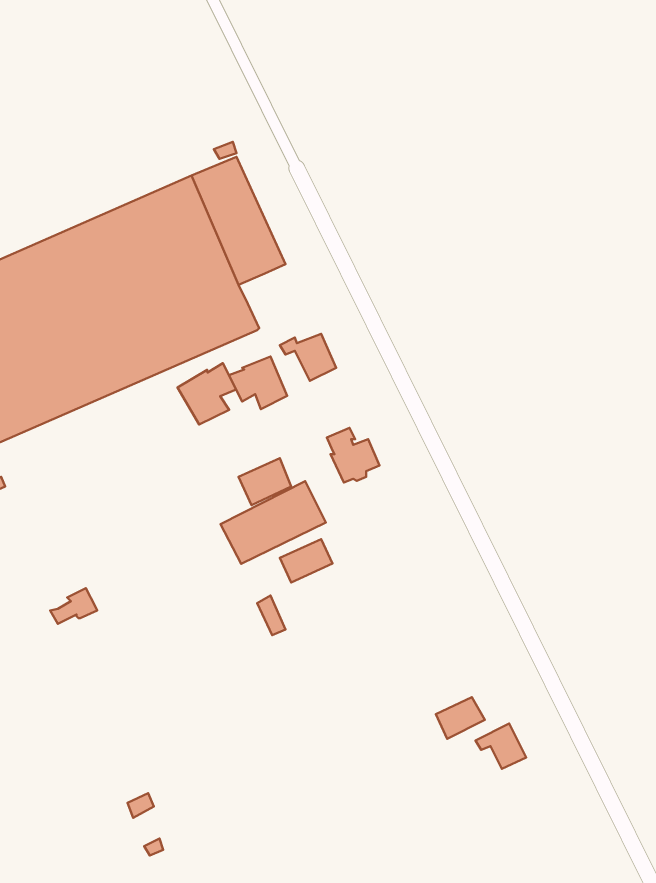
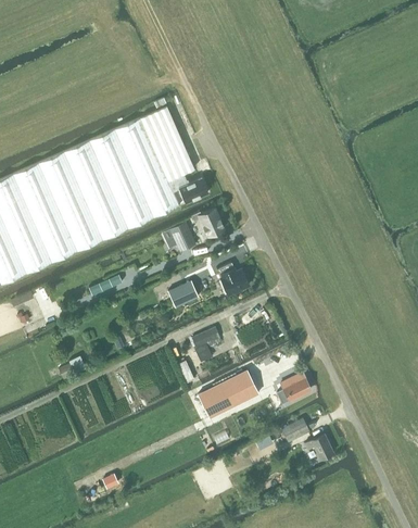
building: none -> [167,175,207,203]
building: [178,363,236,425] -> none
building: [220,481,326,564] -> [198,370,258,418]
building: none -> [277,374,311,404]

